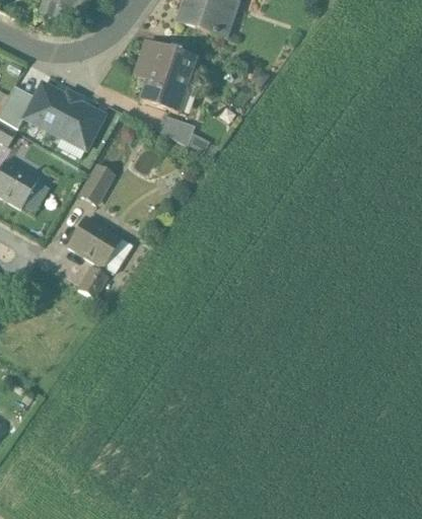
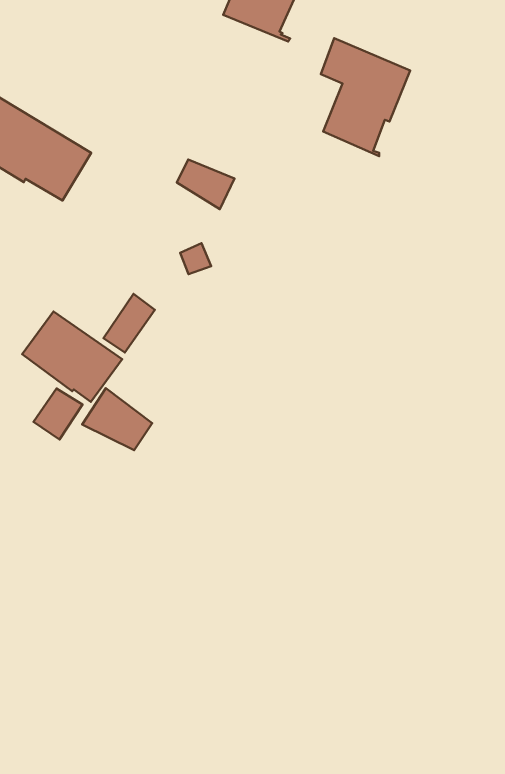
building: [139,39,196,112] -> [321,38,410,156]
building: [80,165,112,203] -> [103,294,155,352]
building: none -> [82,388,152,450]

